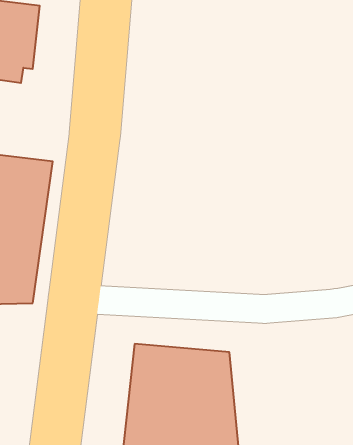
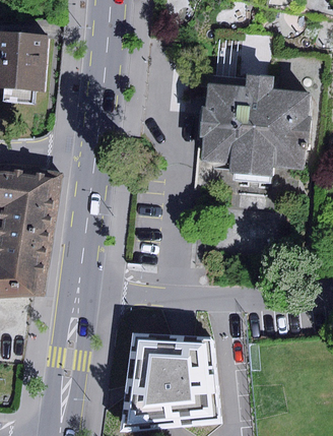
building: none -> [200,73,312,176]

